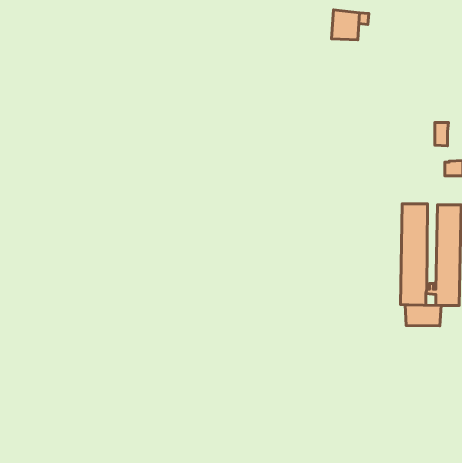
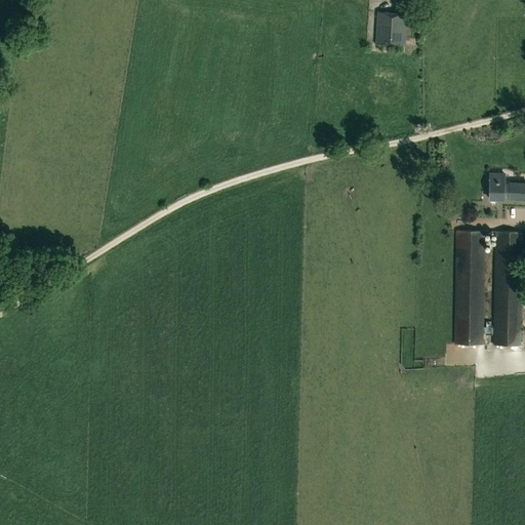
building: [435,122,448,146] -> [490,173,506,200]
building: [405,305,441,326] -> none

